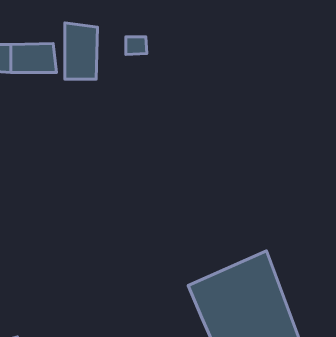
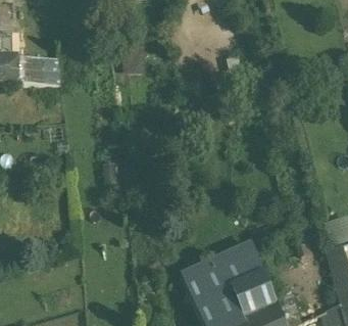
building: [65,23,98,79] -> none

